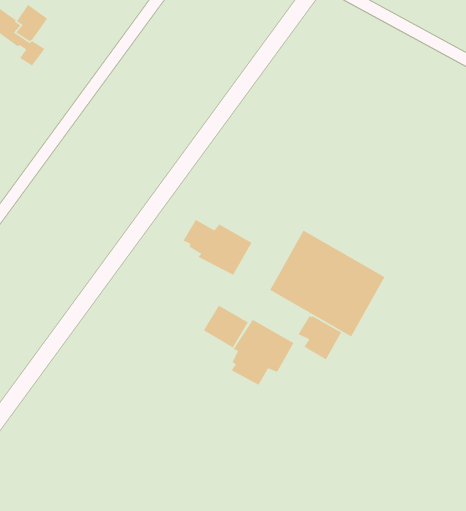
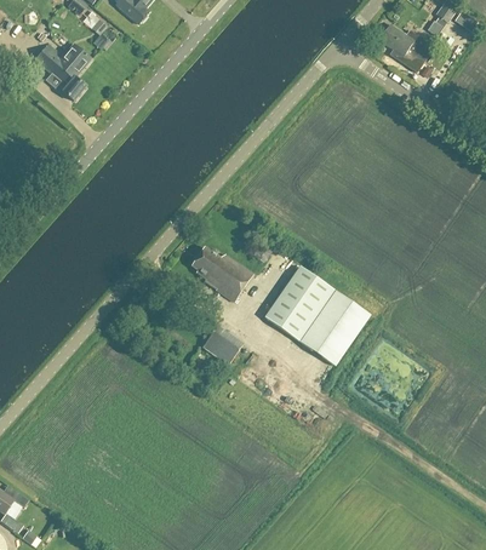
building: [297,315,342,360] -> none
building: [231,319,295,386] -> none

